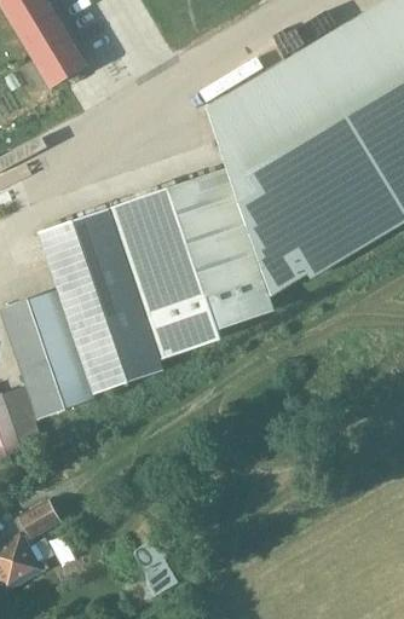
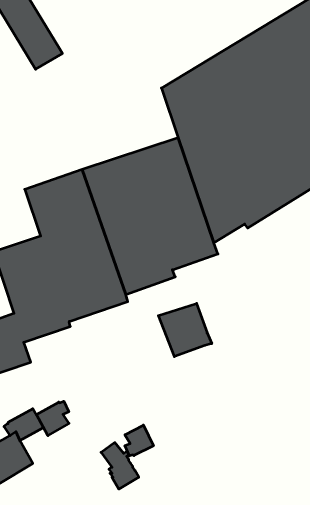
building: none -> [158,303,212,357]
building: none -> [36,401,69,436]
building: none -> [125,425,153,456]

